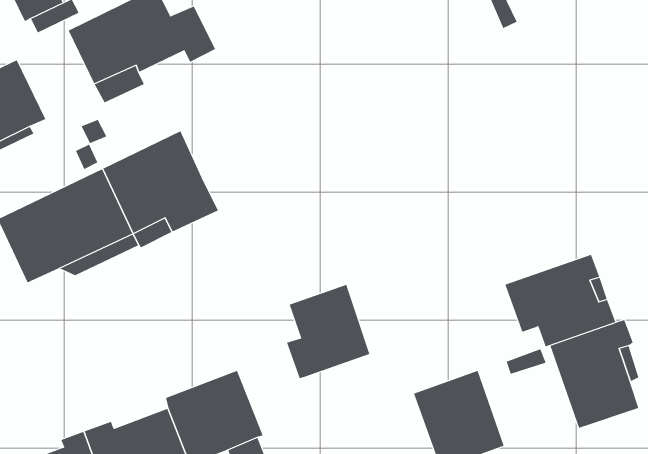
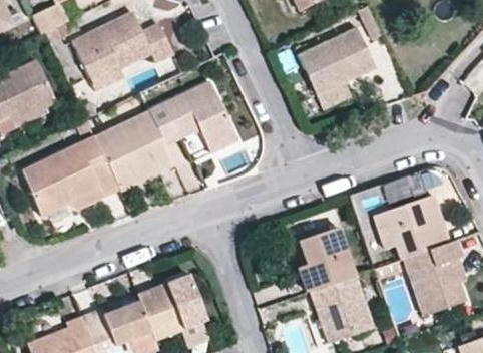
building: none -> [297,27,376,109]
building: none -> [149,80,238,152]
building: [286,284,370,379] -> [297,227,355,292]

